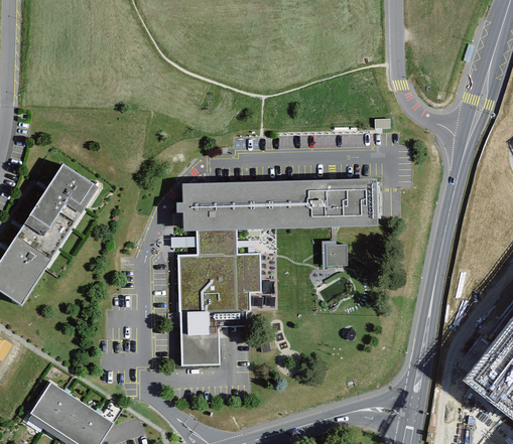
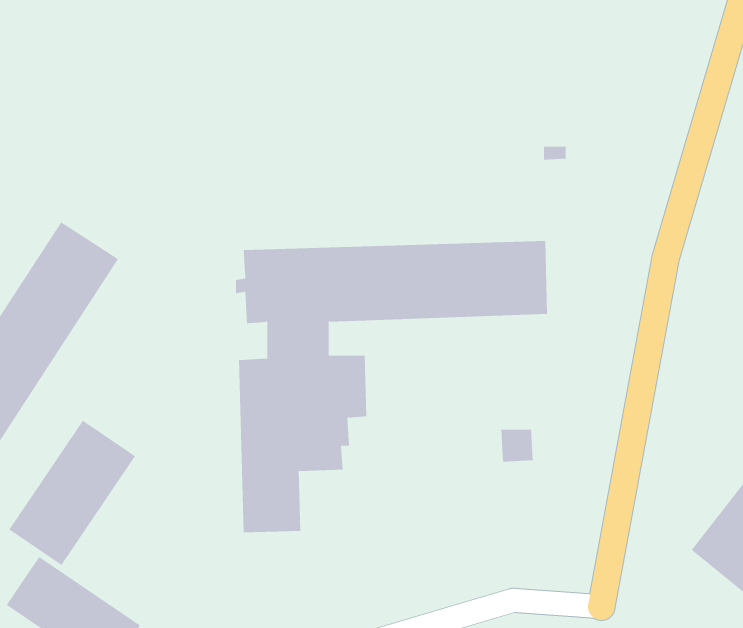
building: [325,243,346,264] -> [500,429,533,462]
building: none -> [8,420,136,566]

